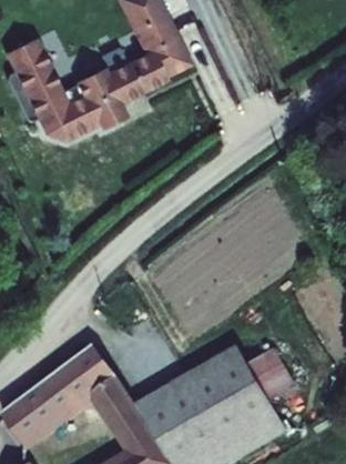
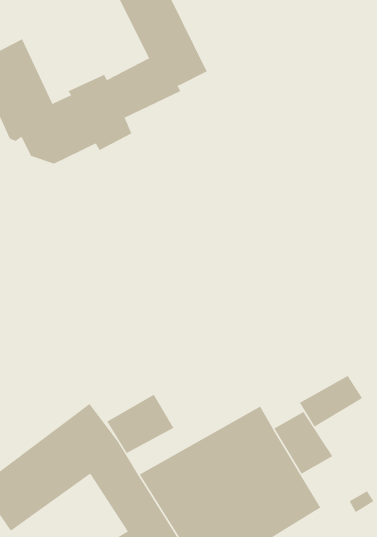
building: none -> [299,375,363,428]
building: none -> [106,394,174,454]

